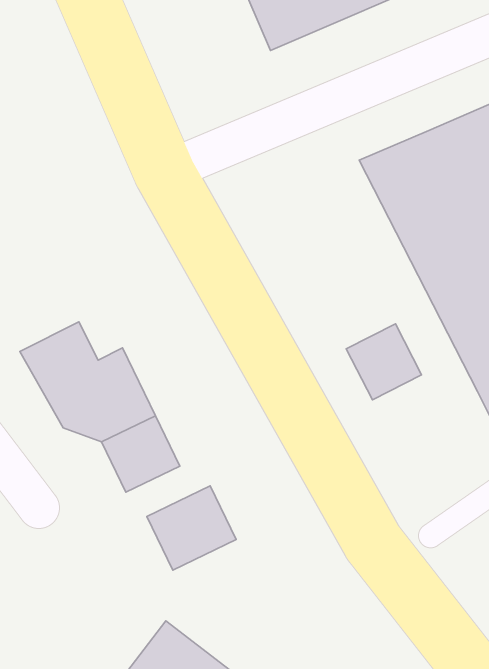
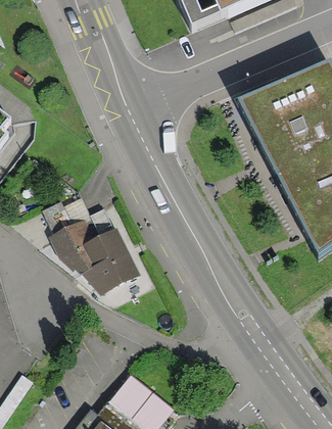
building: [346,324,421,400] -> none
building: [147,486,236,570] -> none

